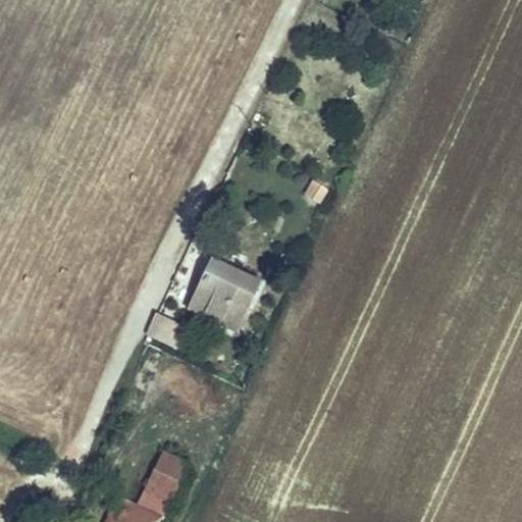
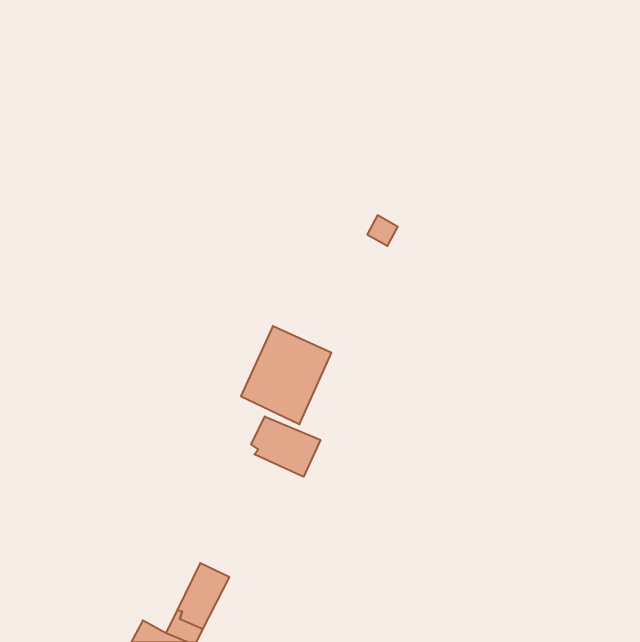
building: none -> [251,416,320,477]

